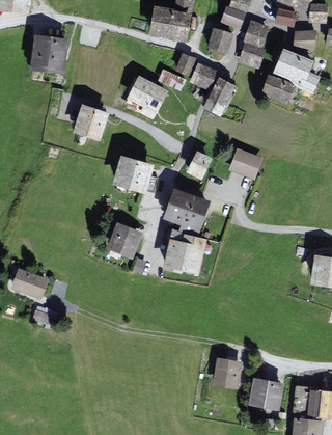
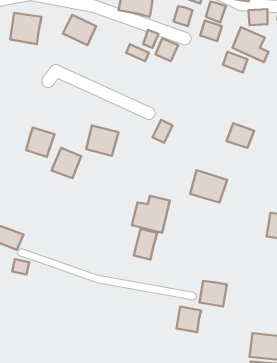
building: [129,79,165,112] -> [63,15,96,45]
building: [206,80,234,115] -> none
building: [75,107,106,139] -> [26,128,55,157]
building: [228,149,258,176] -> [227,123,254,148]
building: [167,193,208,228] -> [190,170,227,203]
building: [108,223,140,256] -> [52,148,81,178]
building: none -> [134,229,157,259]
building: [252,378,282,406] -> [199,281,227,306]

